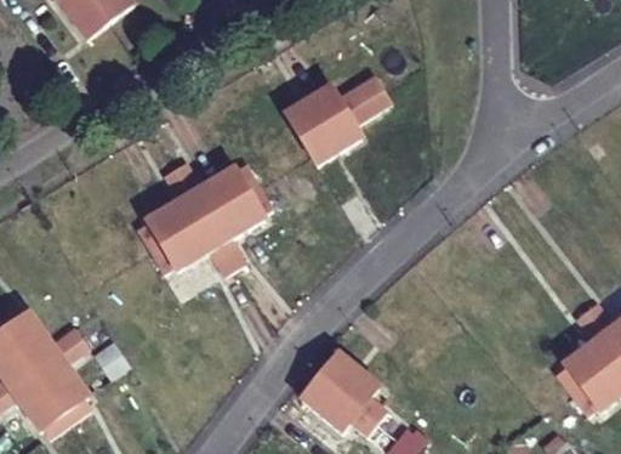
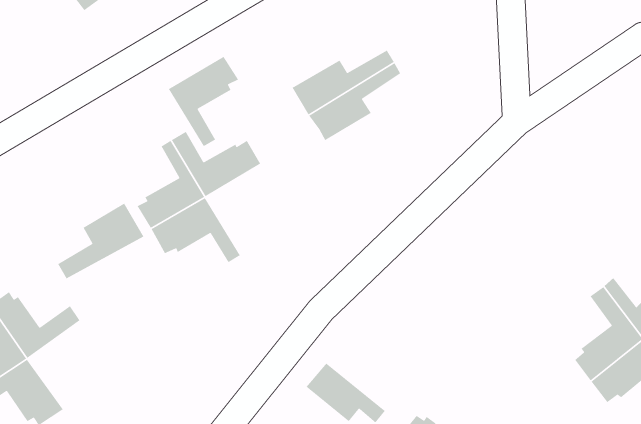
building: [204,185,272,272] -> [168,56,239,147]
building: none -> [57,202,145,280]
building: [34,334,93,419] -> none
building: [319,352,386,420] -> none

